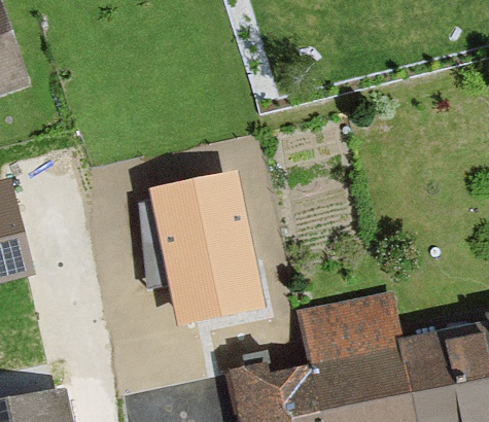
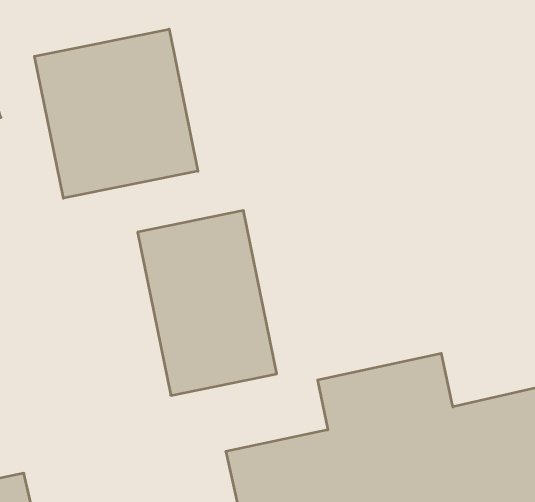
building: none -> [34,29,198,198]

